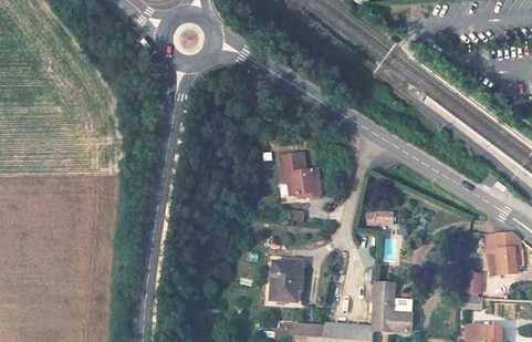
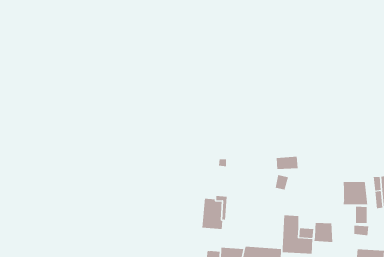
building: [283,153,322,196] -> none
building: none -> [343,181,368,205]
building: none -> [314,222,333,243]

